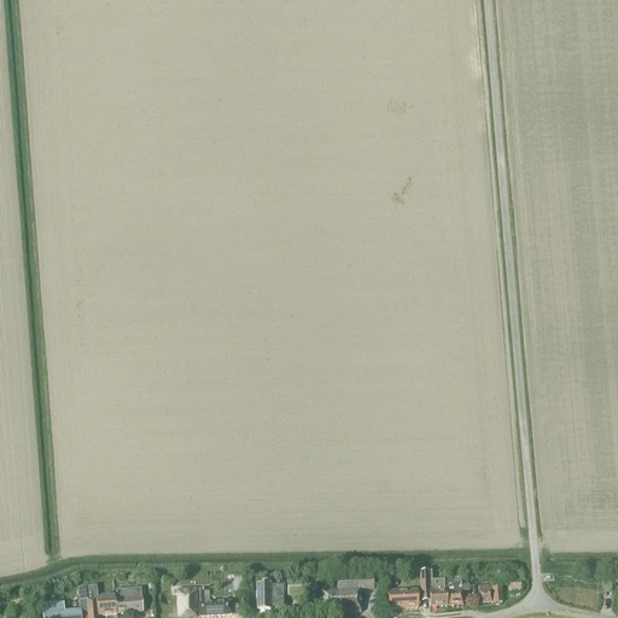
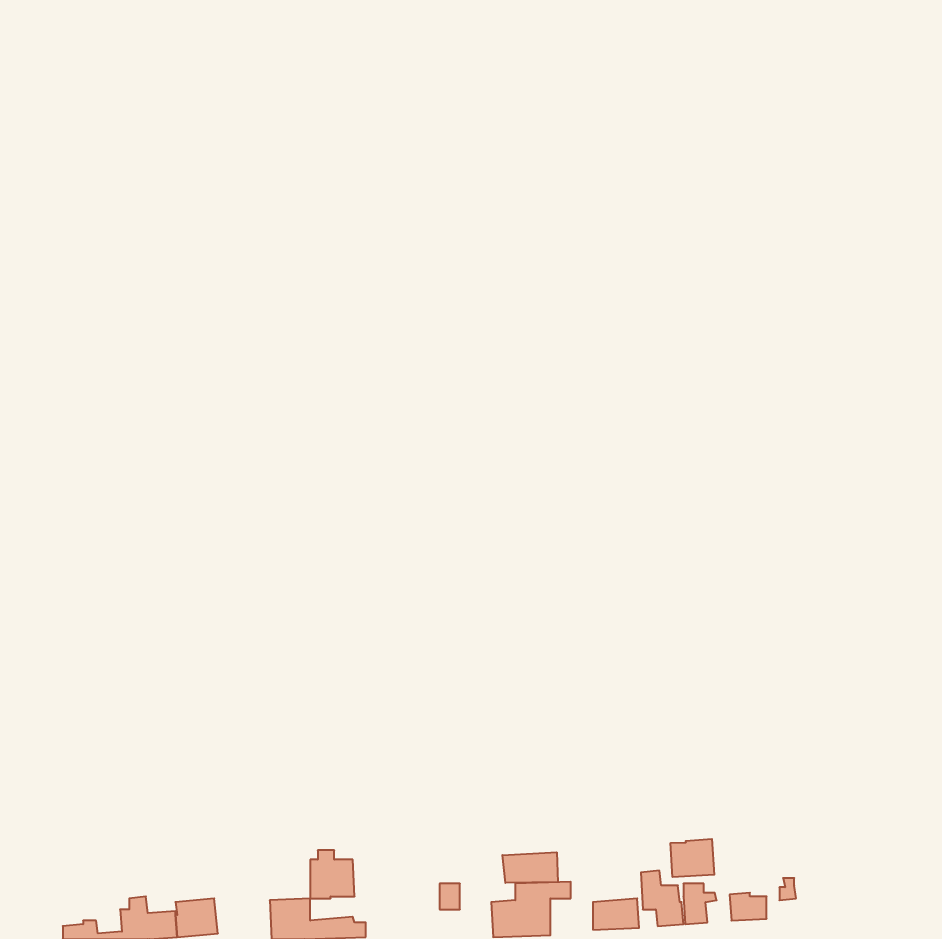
building: none -> [671,839,714,877]
building: none -> [502,852,558,883]
building: [257,577,286,608] -> [310,850,355,898]

